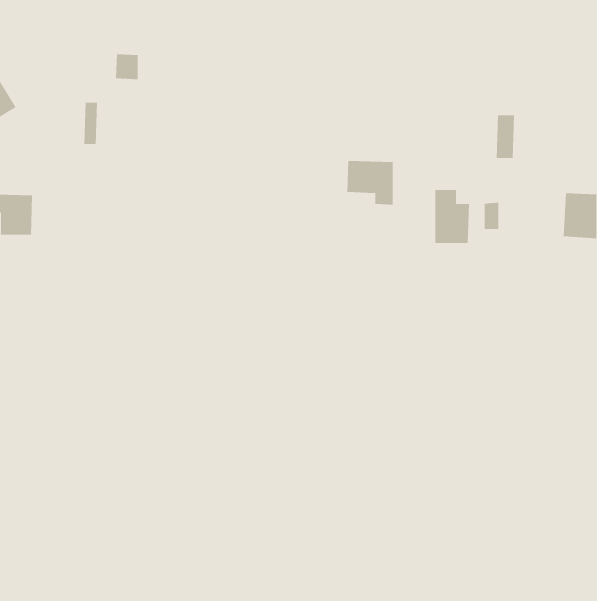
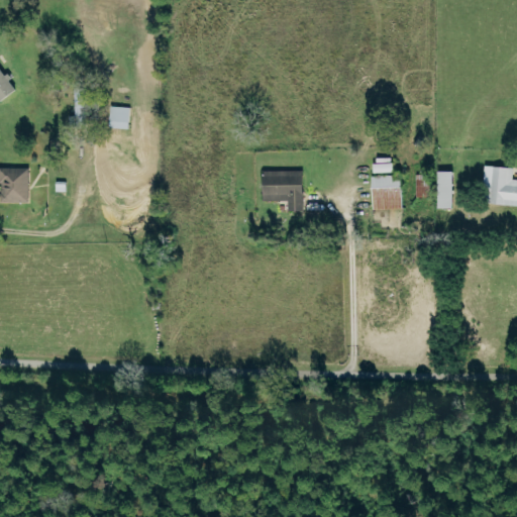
building: [115,54,139,80] -> [108,106,128,128]
building: [496,115,515,158] -> [437,171,453,208]
building: [346,161,393,205] -> [263,173,303,211]

